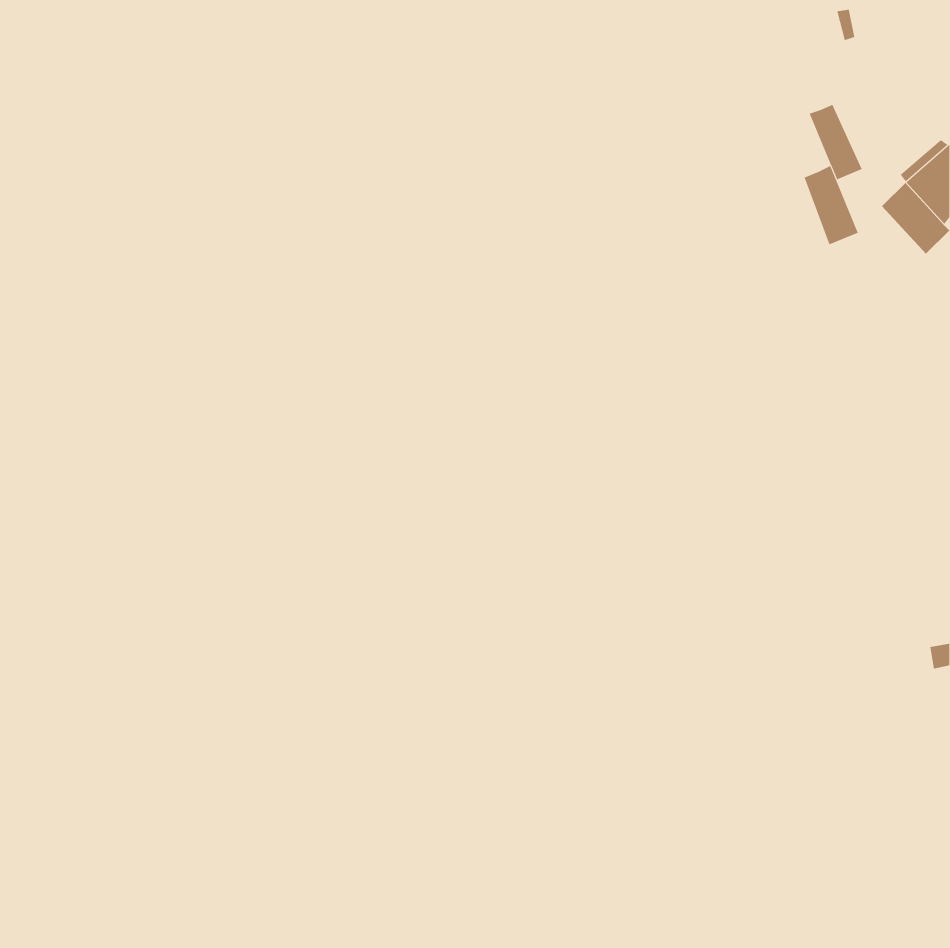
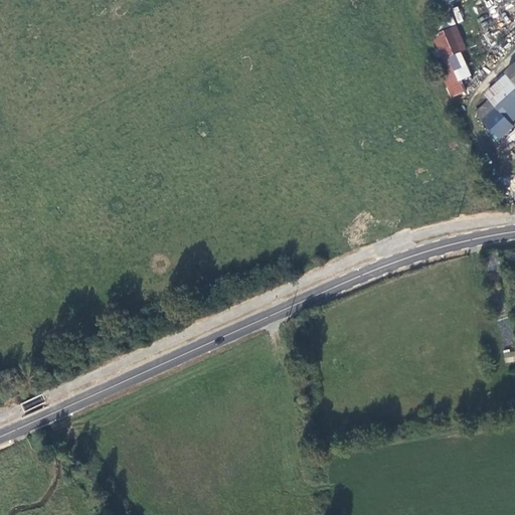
building: none -> [434,25,468,59]
building: [804,165,859,245] -> none

